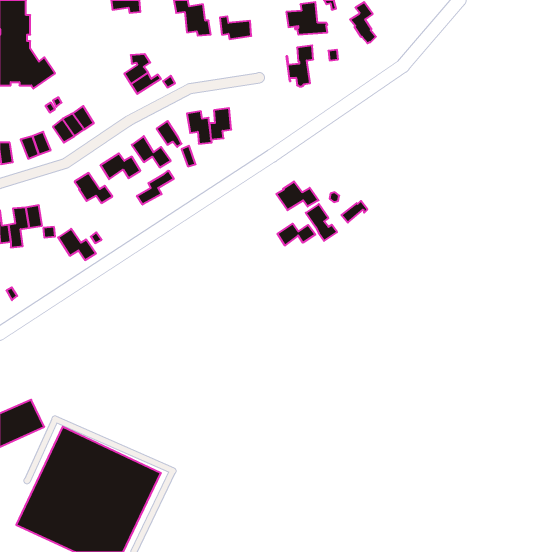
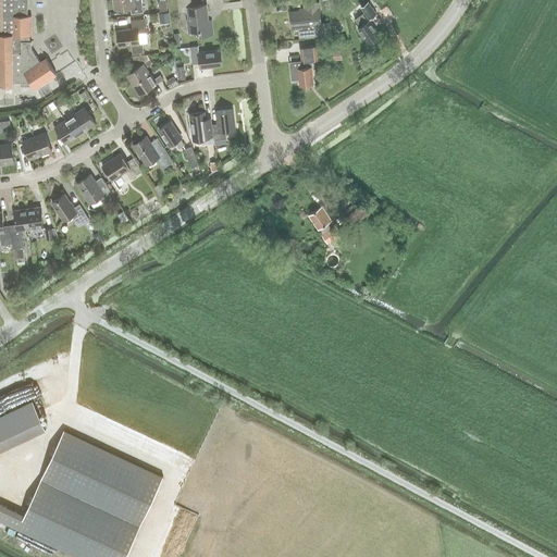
building: [220,16,251,39] -> [189,46,221,69]
building: none -> [115,18,146,54]
building: [137,171,174,205] -> none
building: [276,181,319,210] -> none
building: [277,224,315,246] -> none
building: [58,229,96,260] -> [50,194,88,225]

